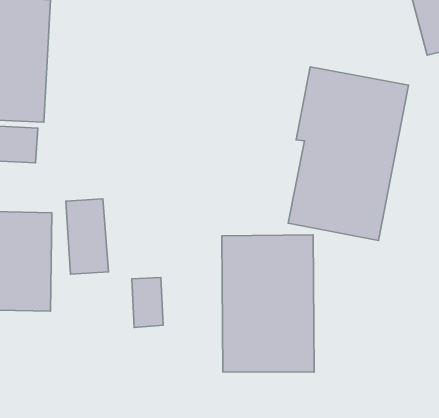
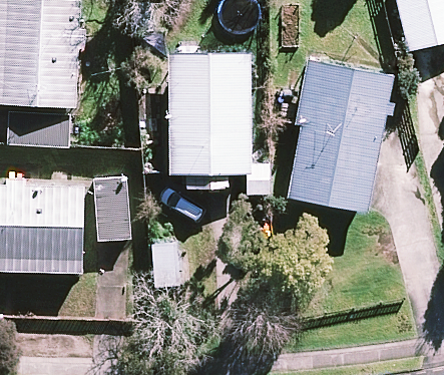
building: none -> [168,53,251,188]
building: [222,235,314,372] -> none

